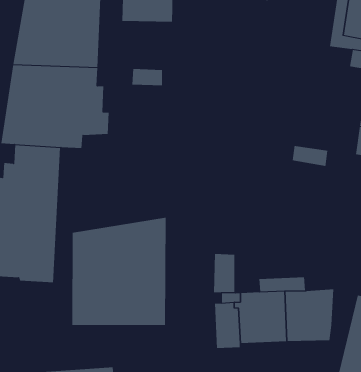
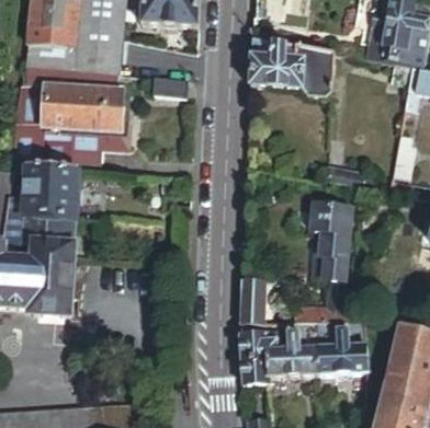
building: none -> [249,36,332,94]
building: none -> [308,201,351,279]
building: [72,217,166,326] -> none

